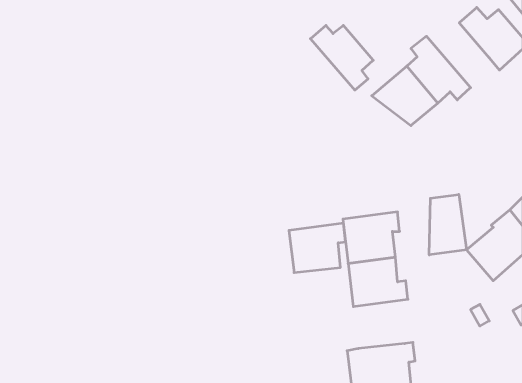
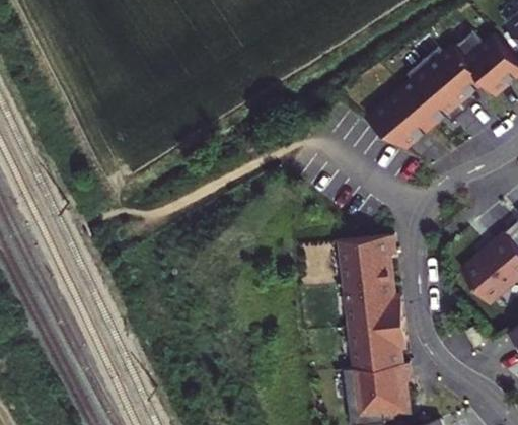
building: [310,25,373,90] -> [422,49,484,113]
building: [429,194,467,255] -> none
building: [289,223,346,273] -> [350,322,405,370]

